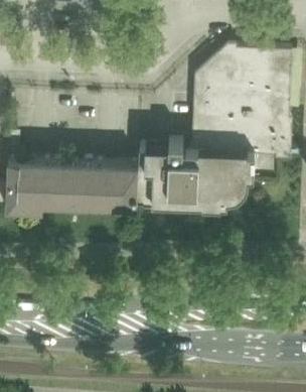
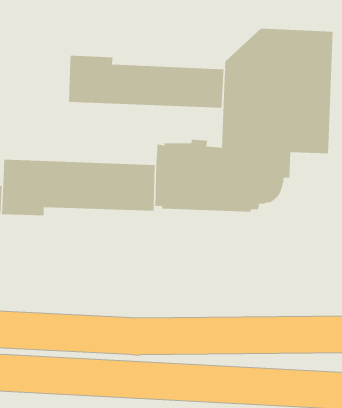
building: none -> [68,55,224,109]

